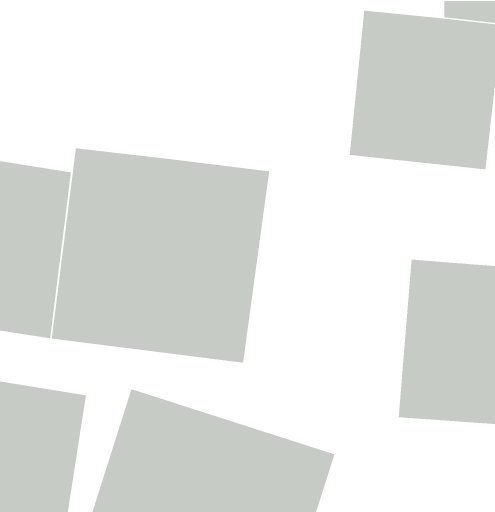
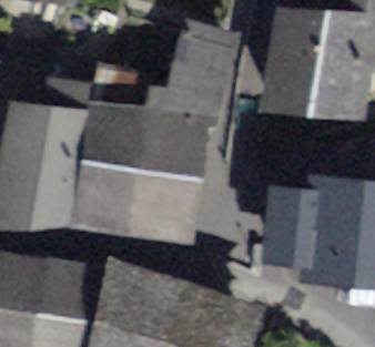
building: none -> [145,18,231,115]

